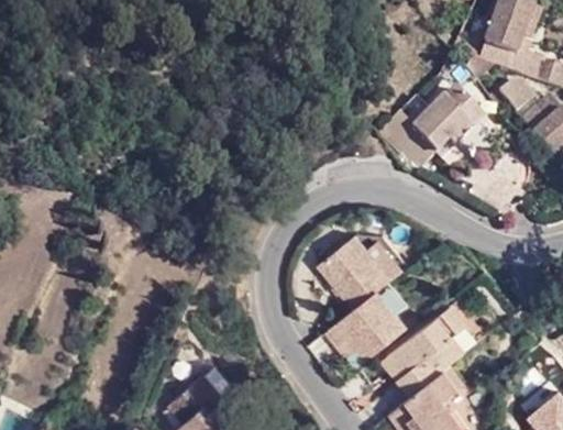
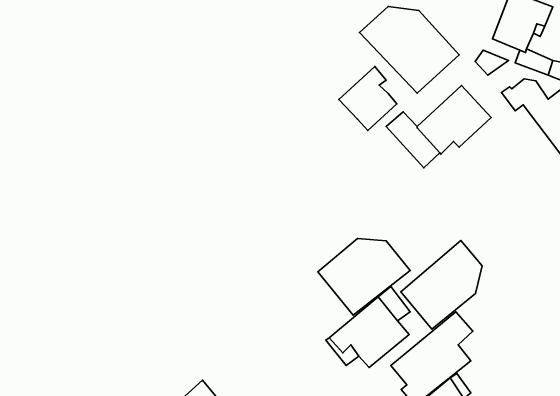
building: none -> [360,6,459,93]
building: none -> [339,66,397,131]
building: none -> [401,240,482,329]

